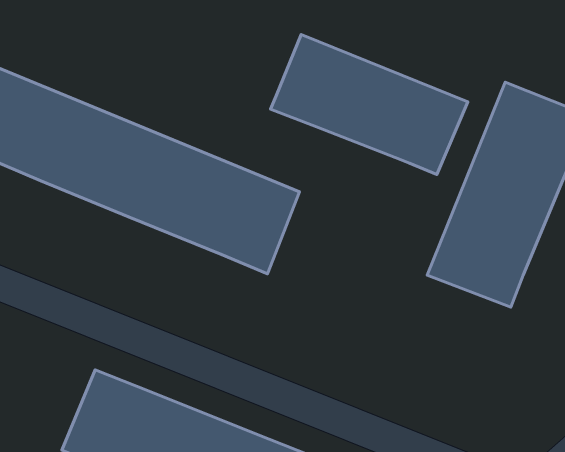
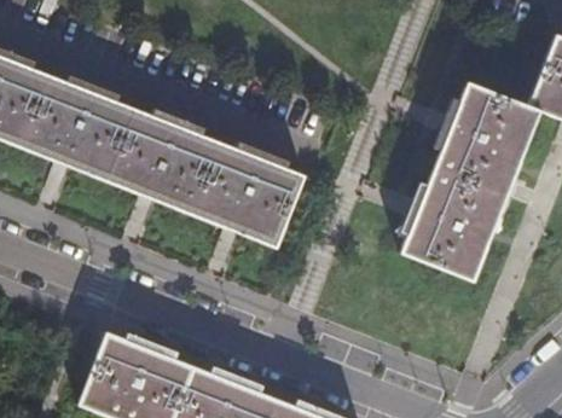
building: [270,35,468,174] -> none

